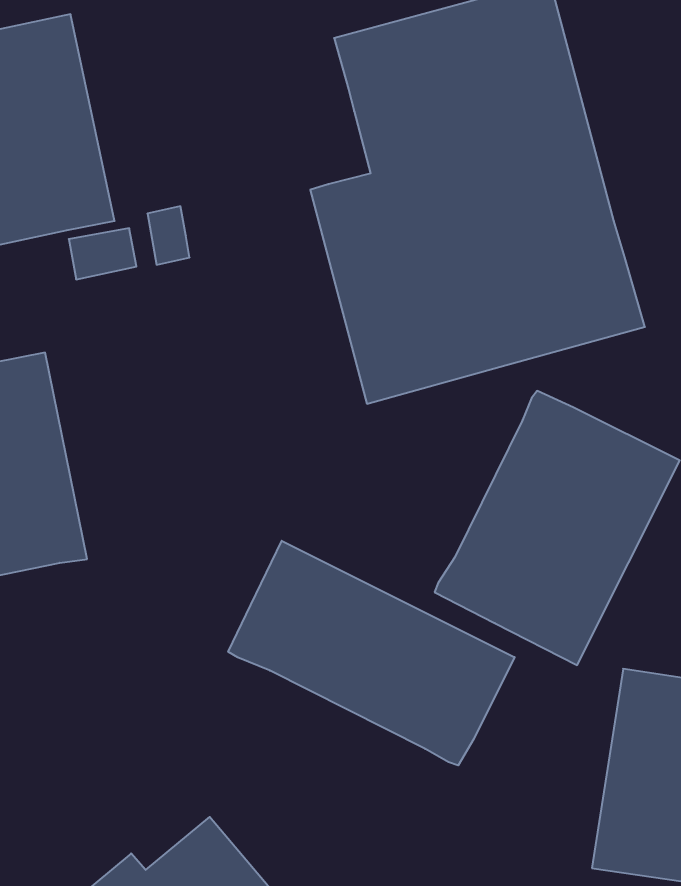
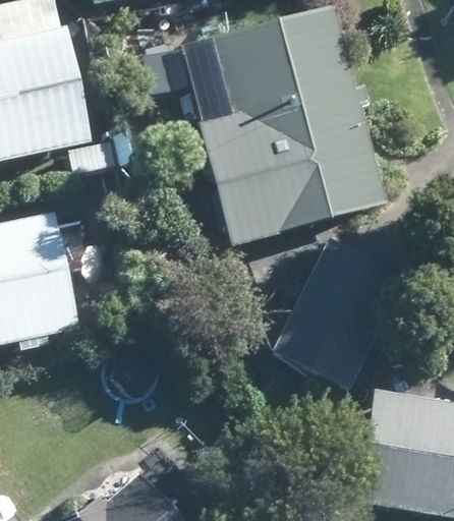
building: [228,541,515,765] -> none

